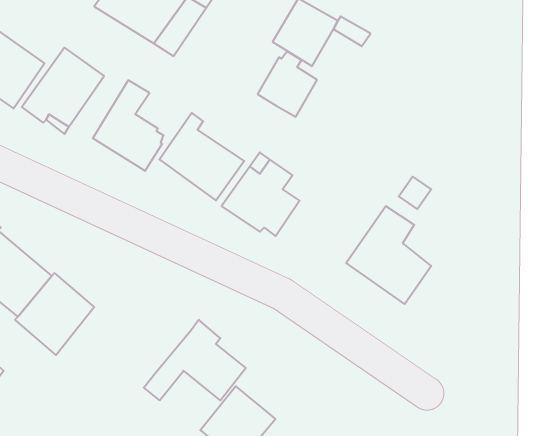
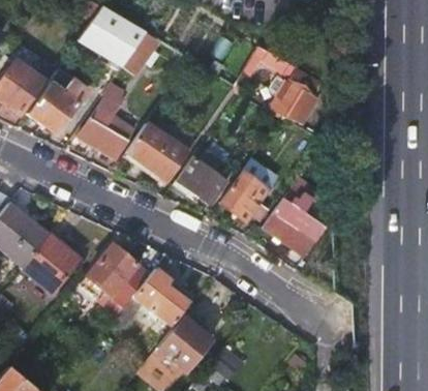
building: [258,52,317,117] -> [274,77,317,124]
building: none -> [220,172,269,221]
building: none -> [88,245,150,307]

